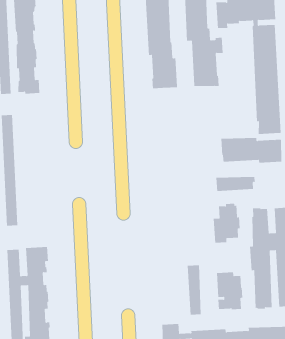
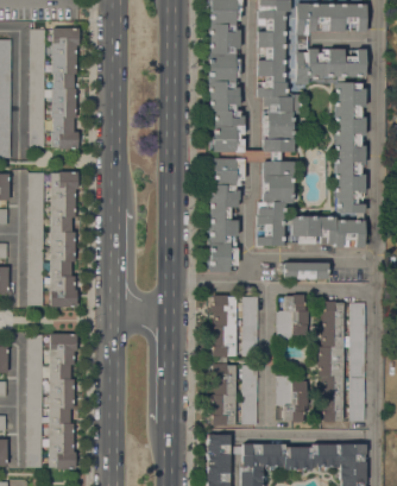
building: none -> [208,158,242,272]
building: none -> [254,160,292,246]
building: none -> [49,171,76,307]
building: none -> [209,295,258,425]

